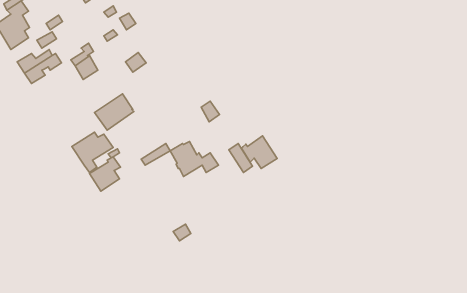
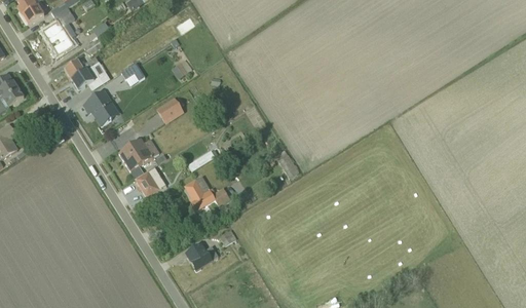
building: none -> [83,89,119,125]
building: [242,136,277,169] -> none
building: [170,141,219,177] -> [183,176,231,210]
building: none -> [185,242,218,270]

